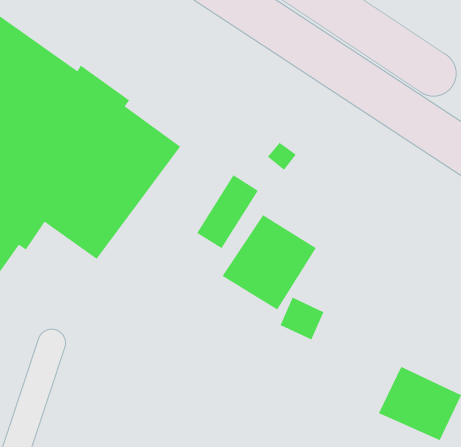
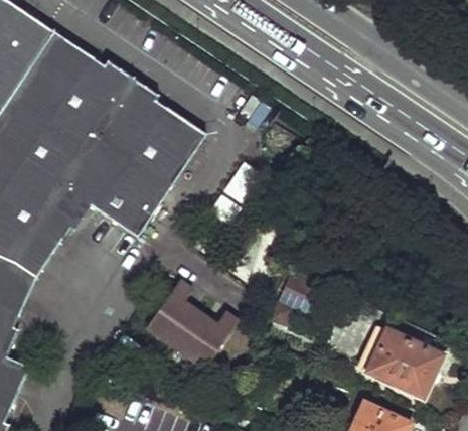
building: [221,214,317,311] -> none
building: none -> [141,279,231,367]

